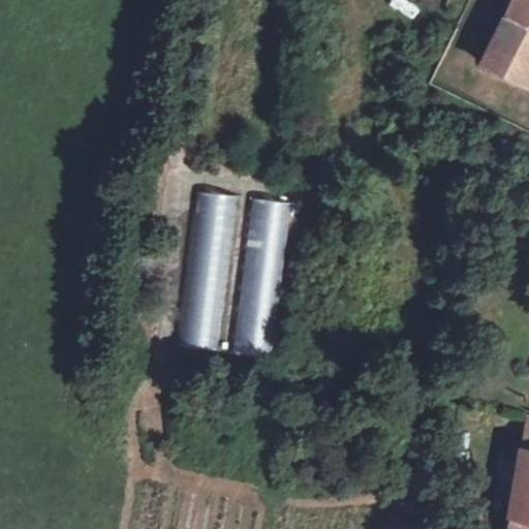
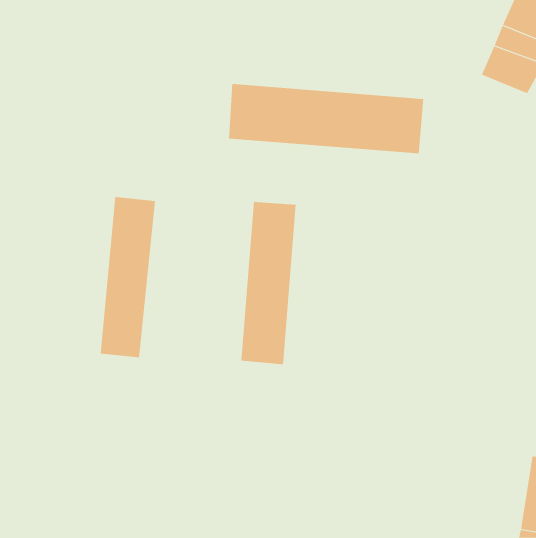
building: none -> [229,83,424,154]
building: [184,190,239,348] -> [100,197,156,358]

